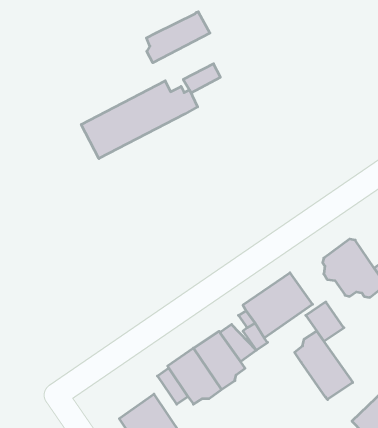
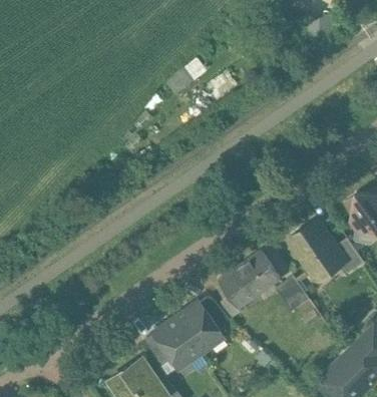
building: [146,12,210,63] -> none
building: [81,81,198,159] -> none
building: [295,331,353,400] -> none

